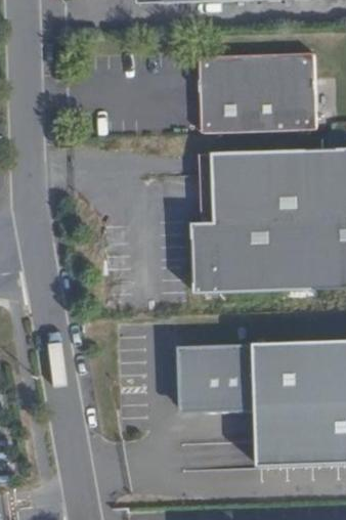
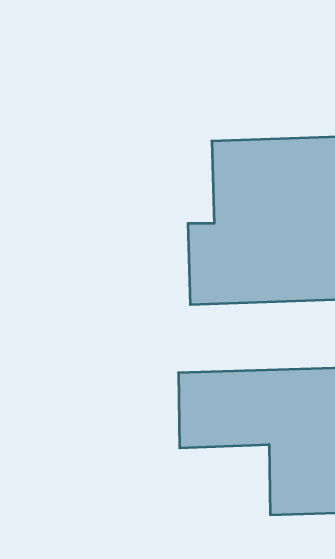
building: [196,51,312,131] -> none

